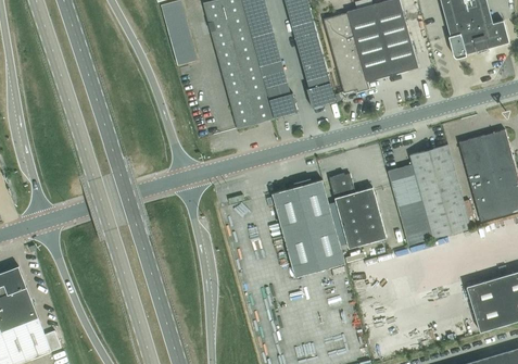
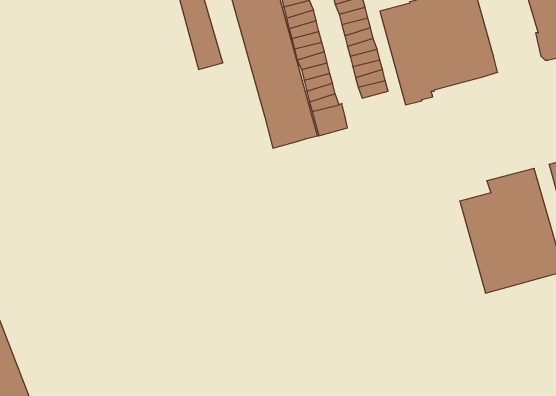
building: [307,83,336,108] -> none
building: [329,173,387,249] -> none
building: [273,179,345,277] -> none

